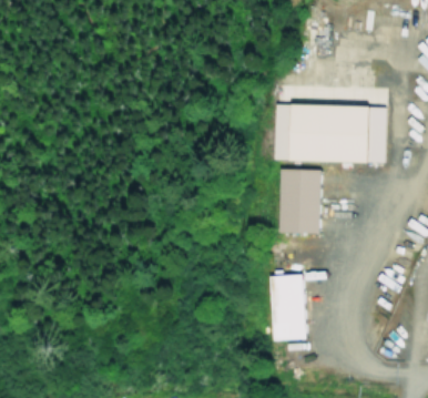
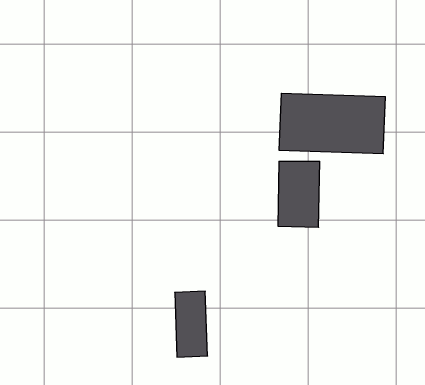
building: [273,275,305,339] -> [175,291,208,357]

